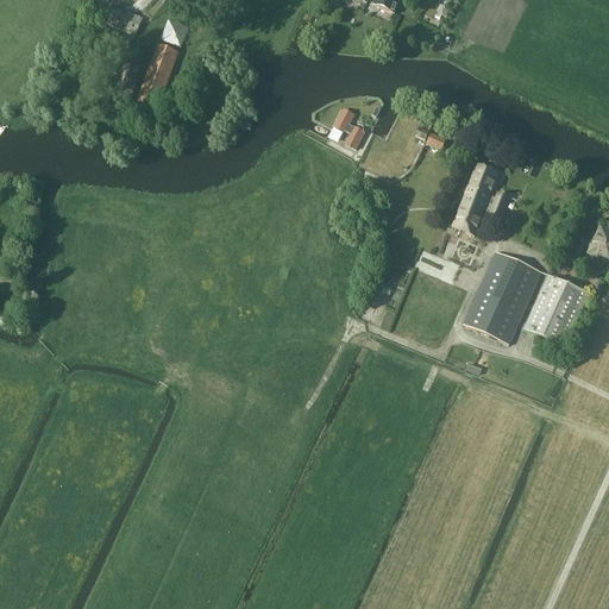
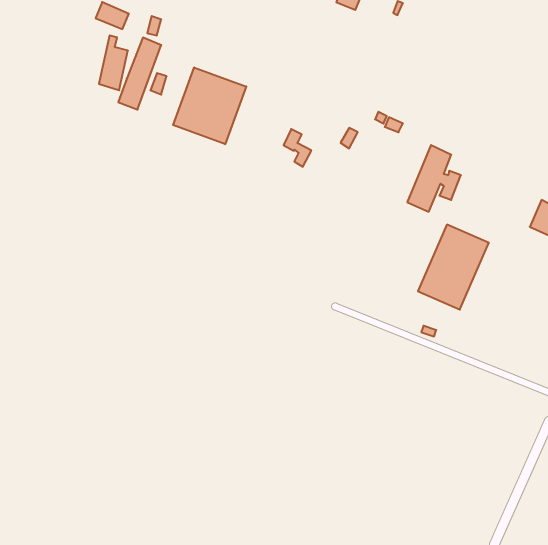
building: none -> [173,67,246,144]
building: [335,106,366,147] -> [284,129,311,167]
building: [525,272,591,346] -> none

